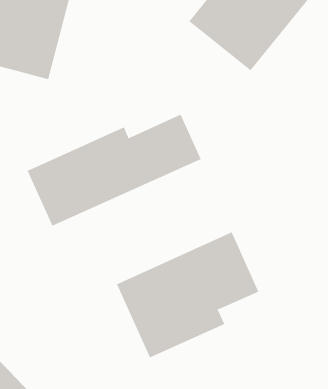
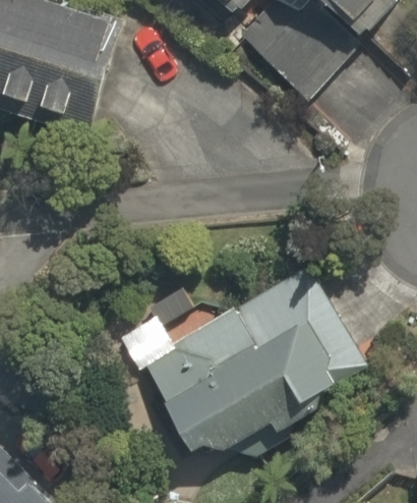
building: [27,114,202,226] -> none

